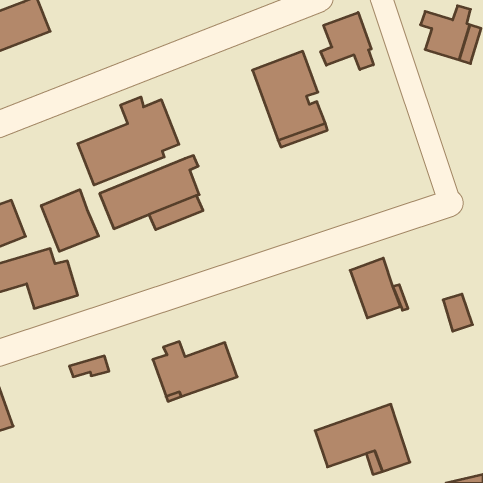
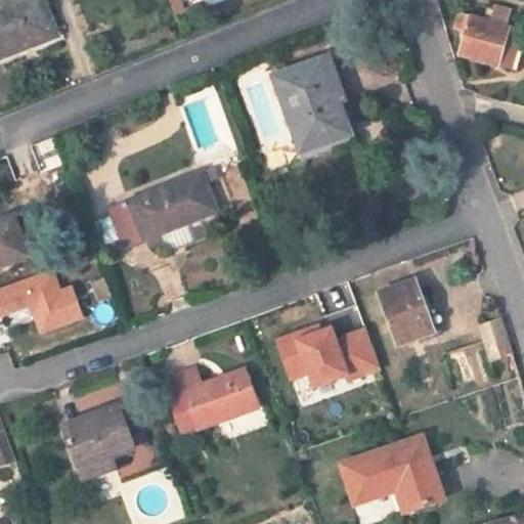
building: [321,12,373,70] -> none
building: [78,97,179,185] -> none
building: [41,190,99,251] -> none
building: none -> [274,319,380,387]
building: none -> [61,405,133,478]

